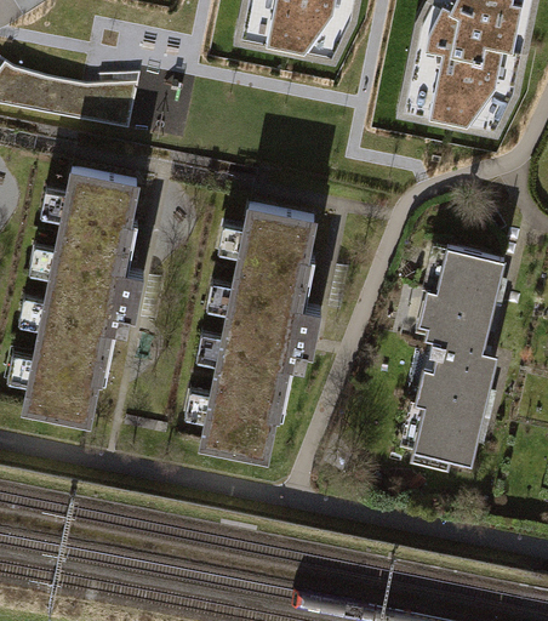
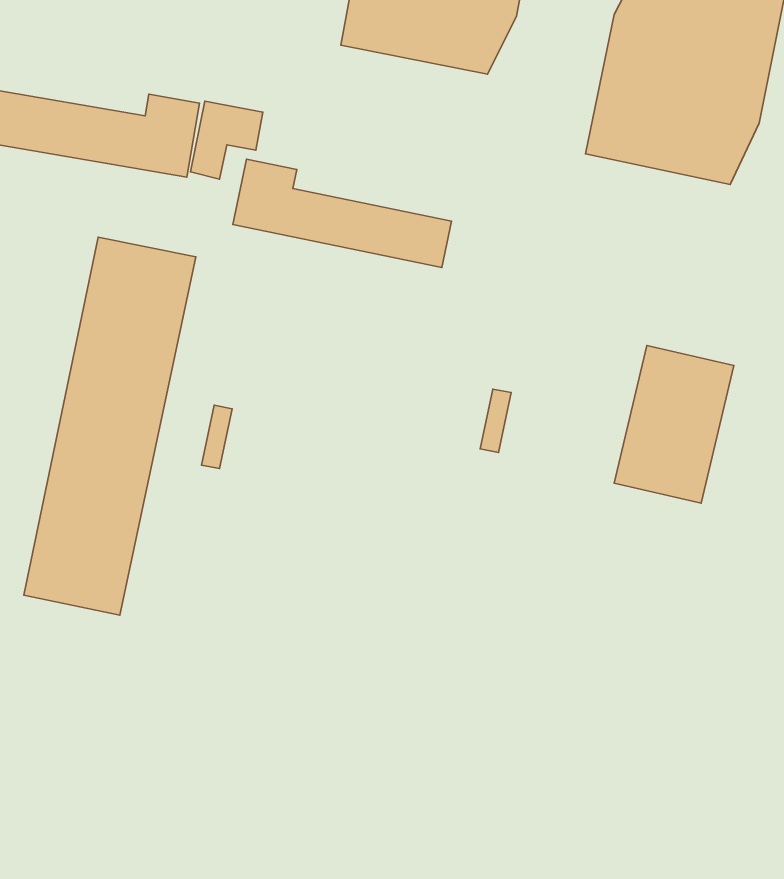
building: none -> [233,159,451,267]
building: [201,201,318,458] -> none
building: [410,351,491,460] -> none

